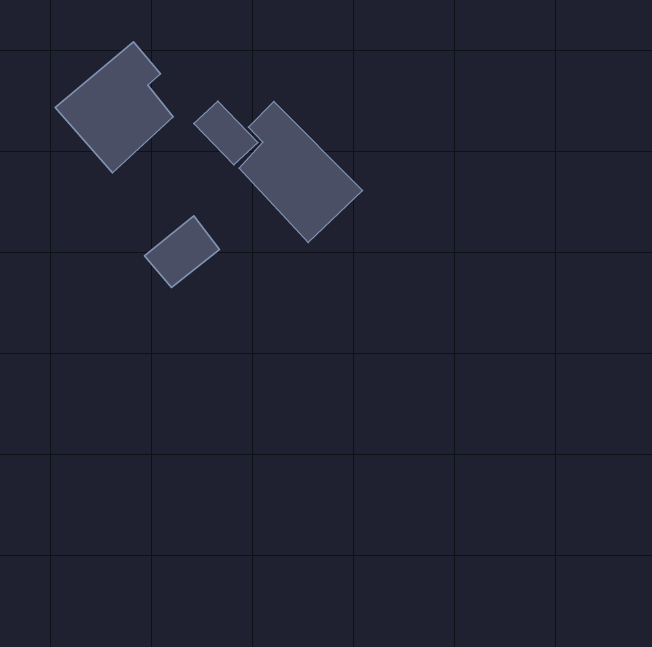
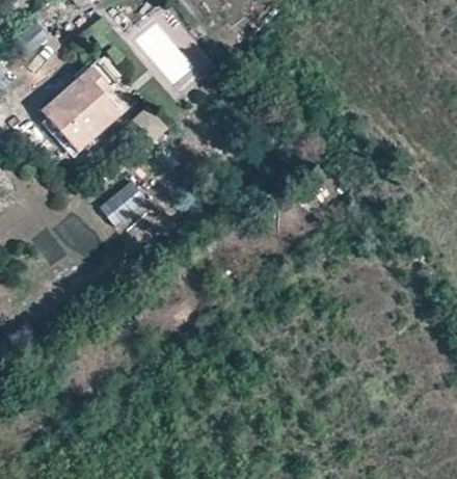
building: [239,101,362,243] -> none

